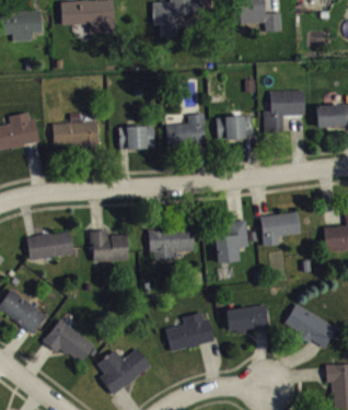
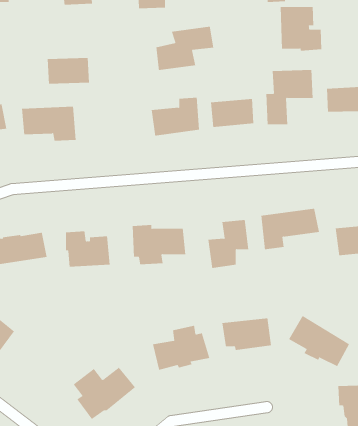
building: none -> [280,6,322,52]
building: none -> [156,26,214,71]
building: [118,126,155,149] -> [47,58,90,84]
building: [43,319,94,364] -> none

